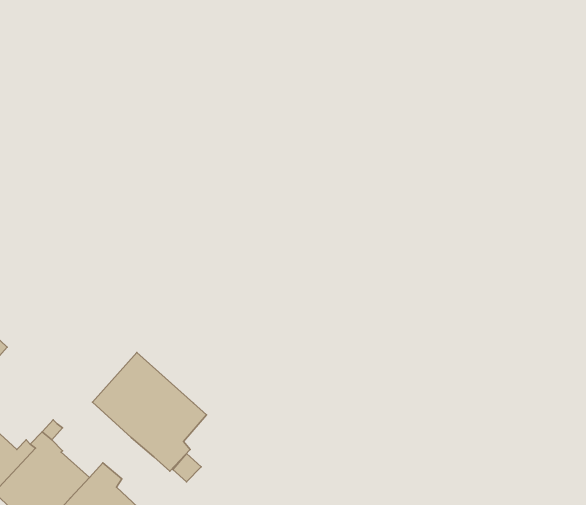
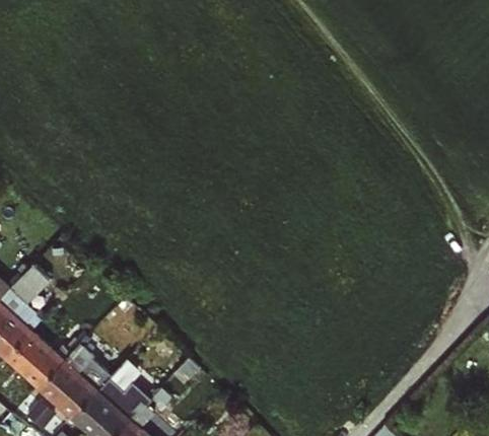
building: [92,352,206,471] -> none

